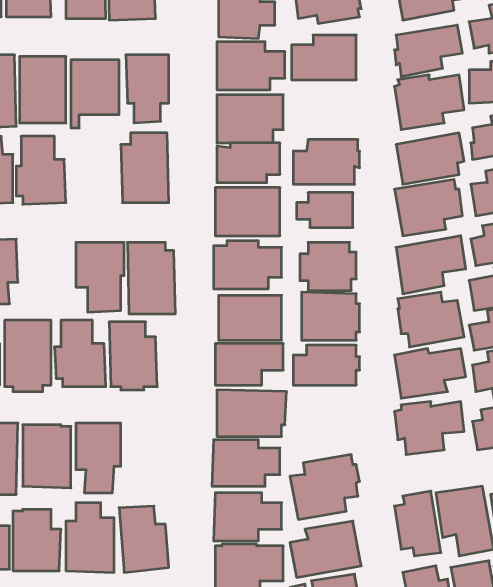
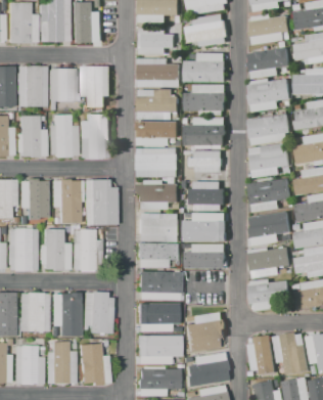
building: none -> [184,85,225,116]
building: none -> [48,115,76,157]
building: none -> [27,182,47,220]
building: none -> [81,292,111,334]

